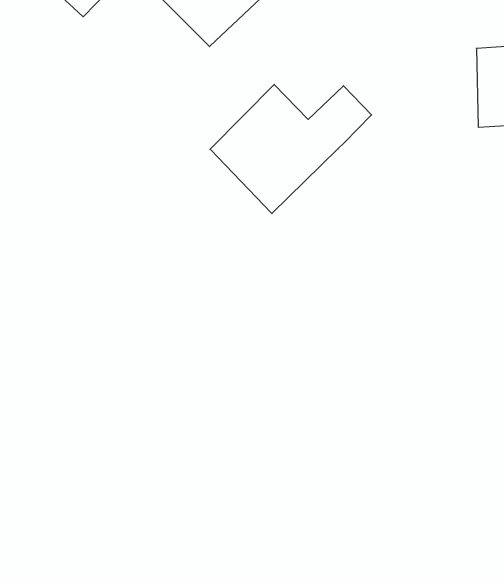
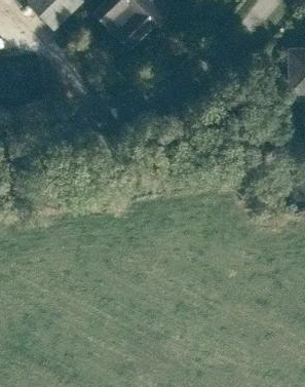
building: [210,84,372,214] -> none

